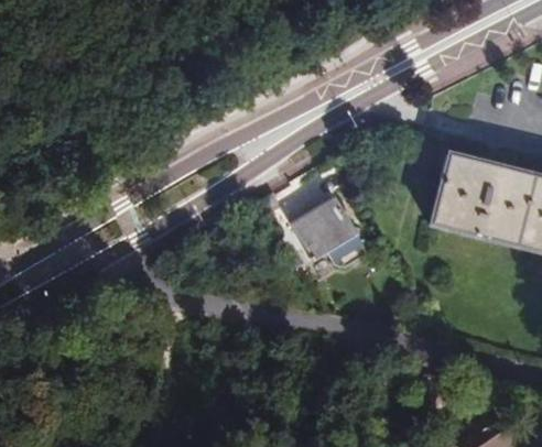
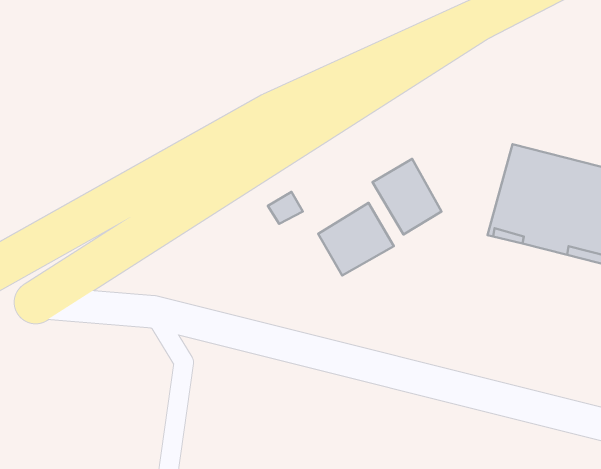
building: none -> [372,159,441,234]

